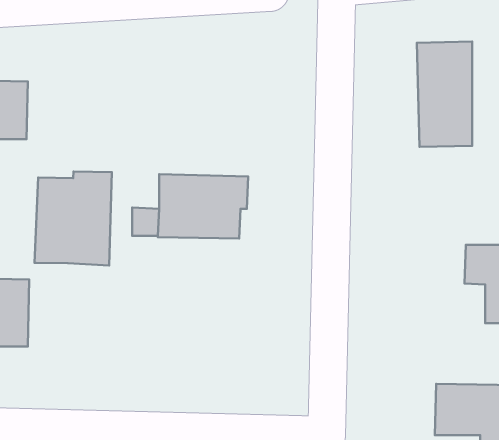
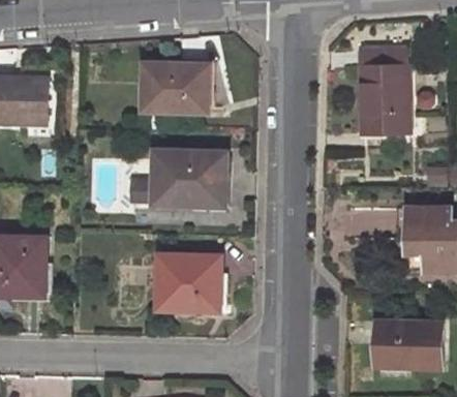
building: none -> [145,62,211,109]
building: [34,171,112,266] -> none
building: none -> [157,255,220,312]

